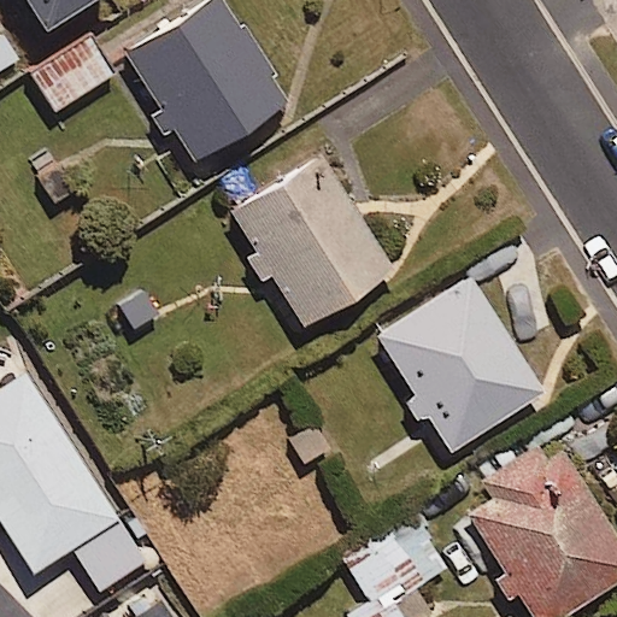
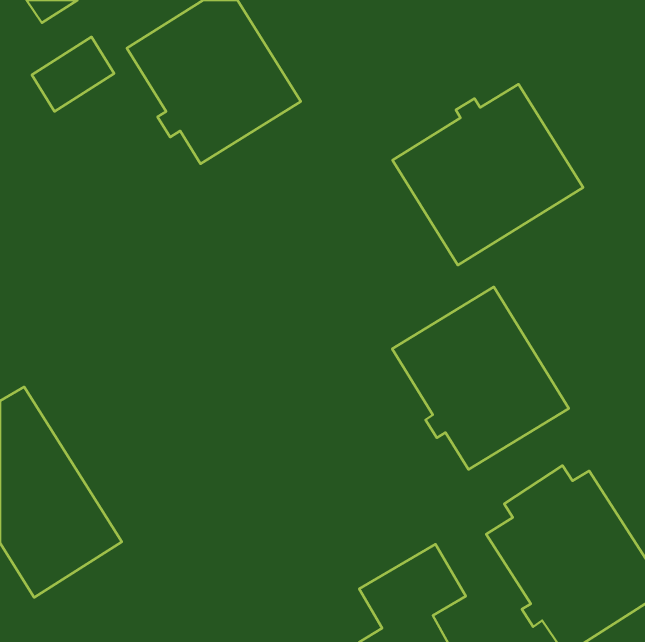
building: none -> [392,84,583,265]
building: [230,153,396,328] -> none

